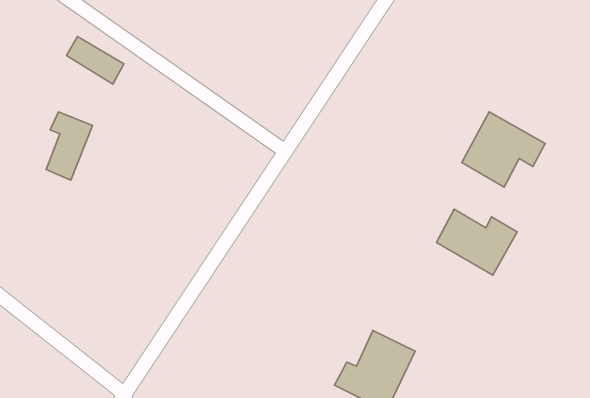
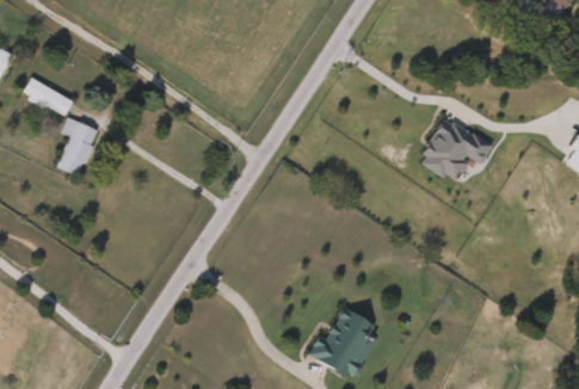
building: [66,36,124,84] -> [21,76,72,118]
building: [437,209,517,275] -> none

